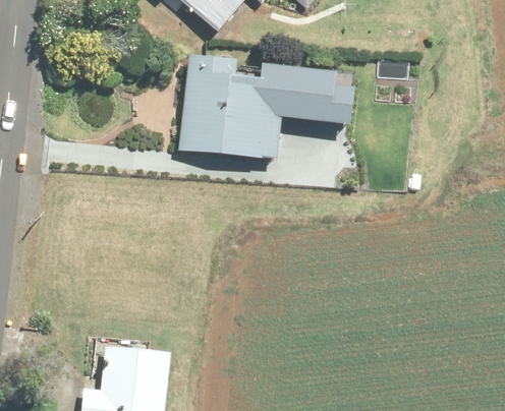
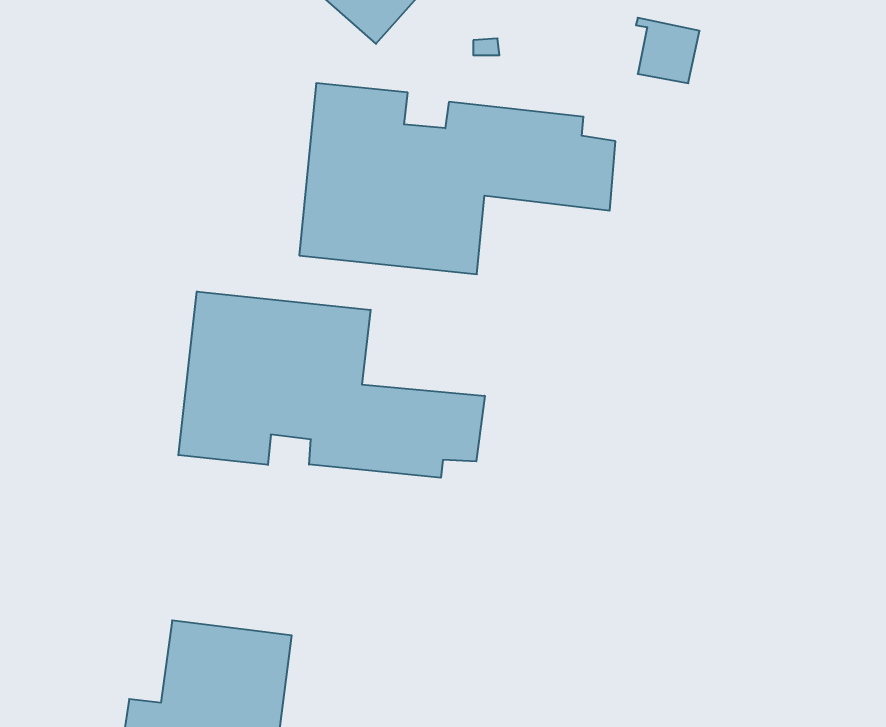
building: none -> [178,291,485,478]

